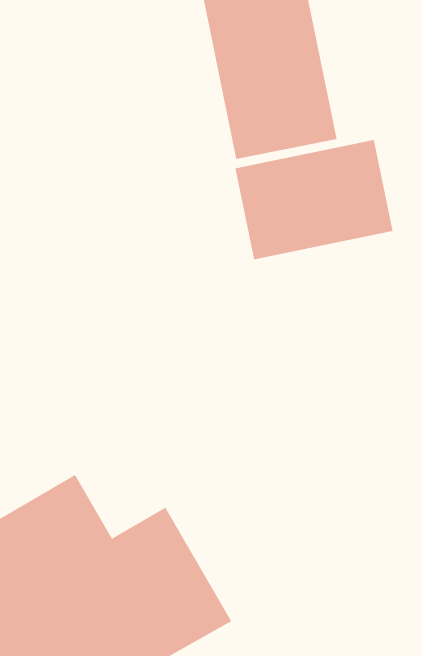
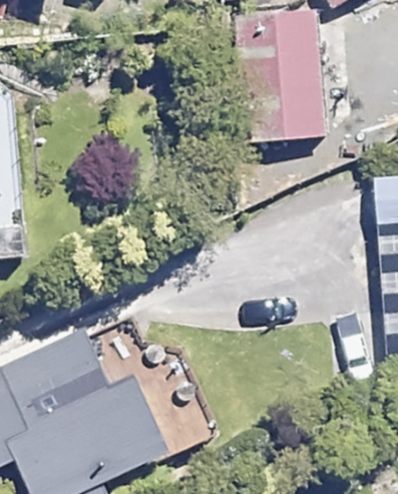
building: [235,139,393,260] -> none

